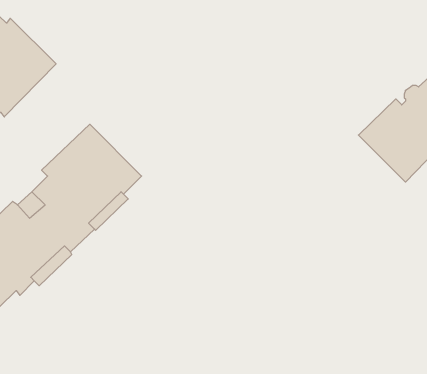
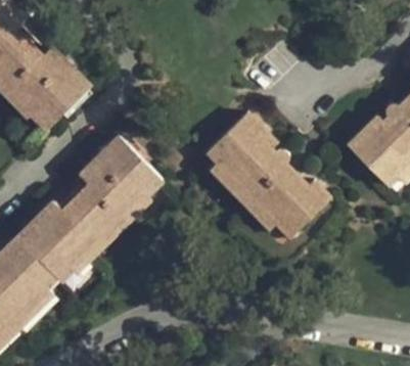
building: none -> [208,111,331,237]

